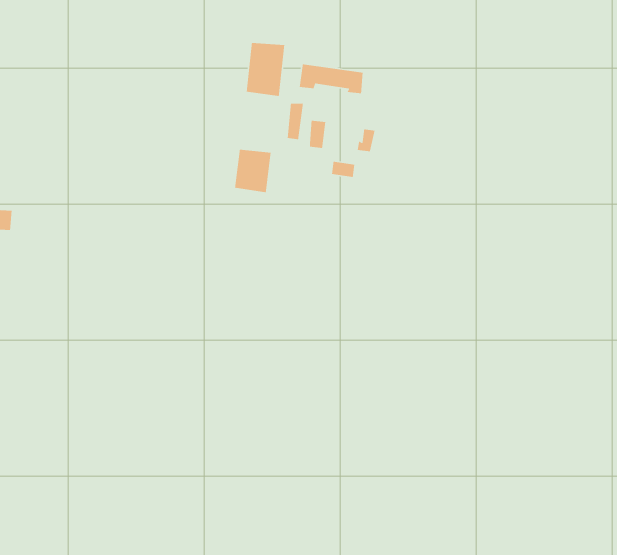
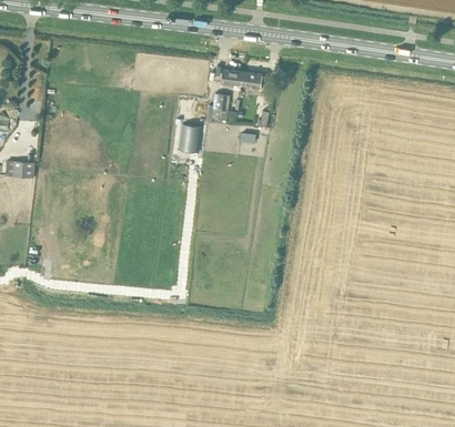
building: [246,42,285,97] -> none

